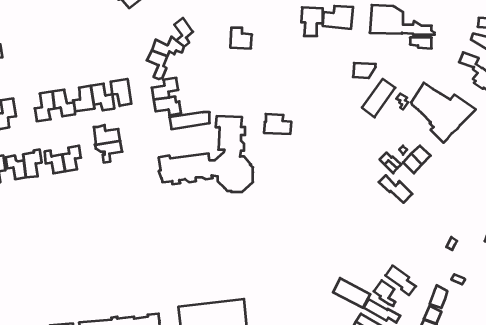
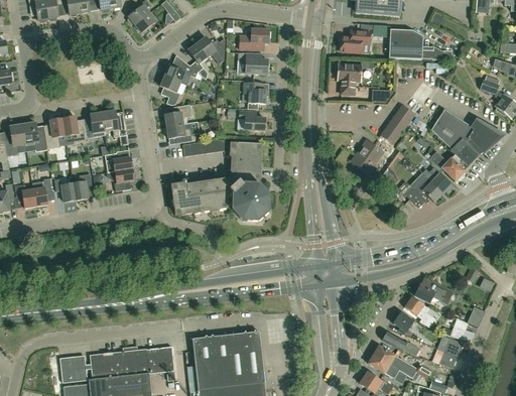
building: none -> [239,28,268,50]
building: [301,7,323,36] -> [338,64,360,94]
building: none -> [197,36,225,63]
building: none -> [243,83,268,104]
building: [111,79,131,106] -> none
building: none -> [22,123,46,151]
building: none -> [351,139,383,173]
building: [264,114,291,134] -> [237,110,265,130]
building: [379,175,412,203] -> [429,151,464,179]
building: none -> [415,277,453,303]
building: [333,278,370,308] -> none

